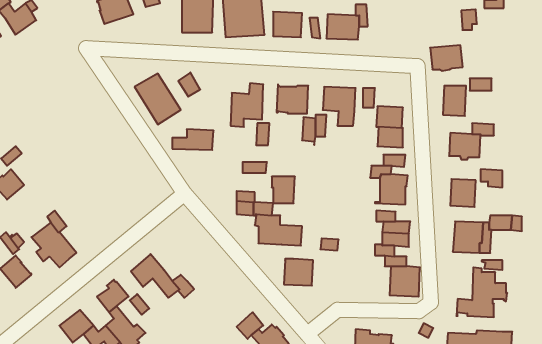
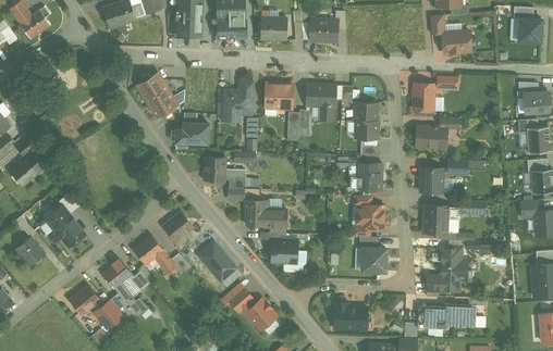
building: [430,45,463,71] -> [441,32,470,54]
building: [272,177,295,203] -> [204,156,224,180]
building: none -> [162,211,193,241]
building: none -> [196,241,235,281]

